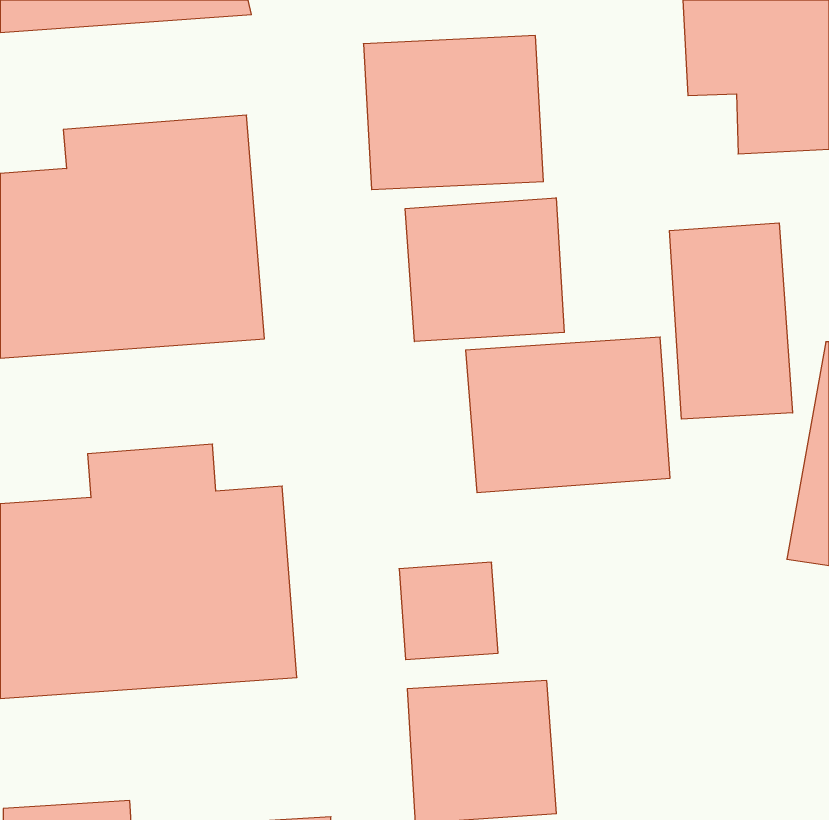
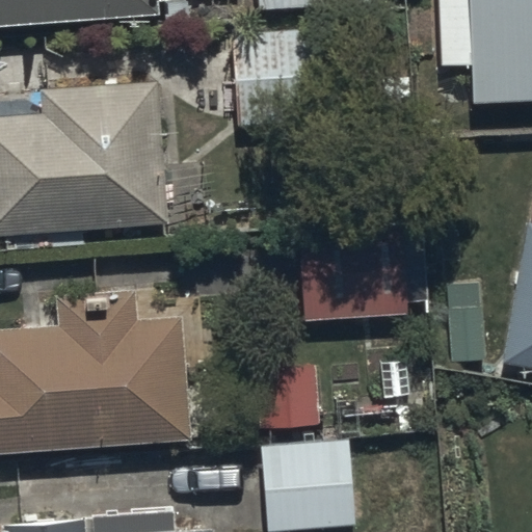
building: [405,198,564,342] -> none
building: [669,223,793,419] -> none

